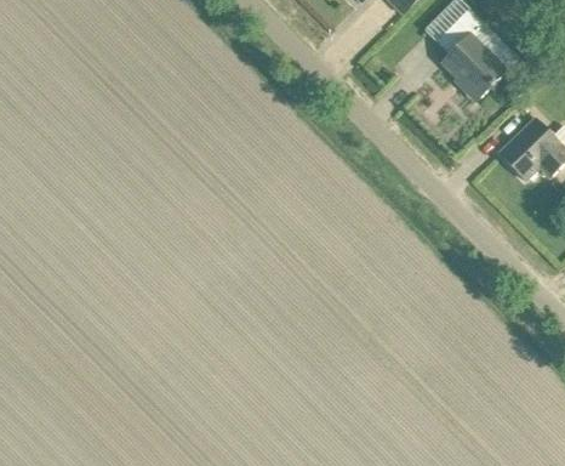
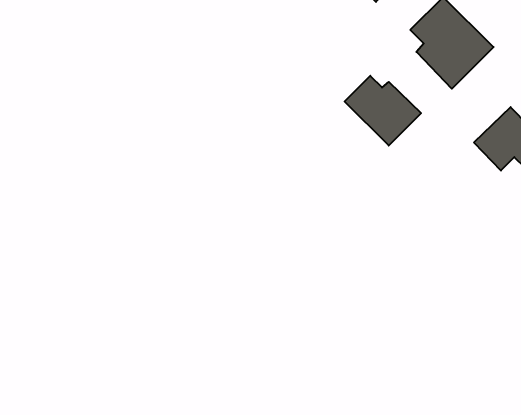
building: none -> [345,76,421,146]

